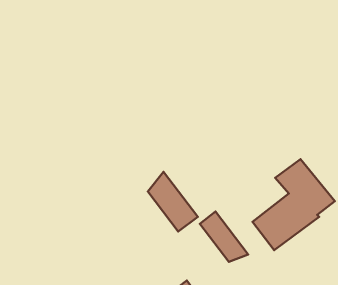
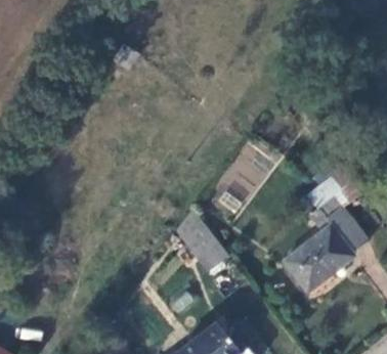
building: [200,211,248,262] -> none

